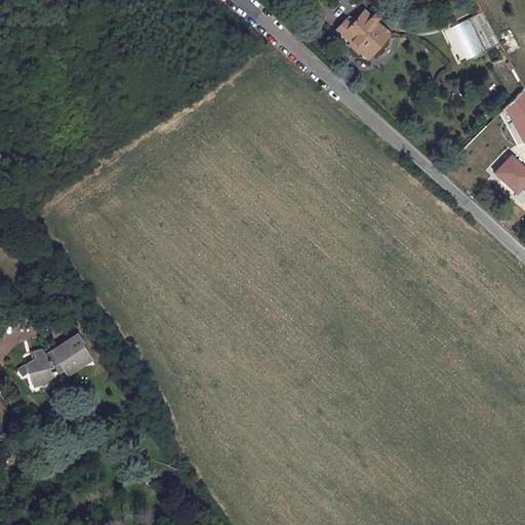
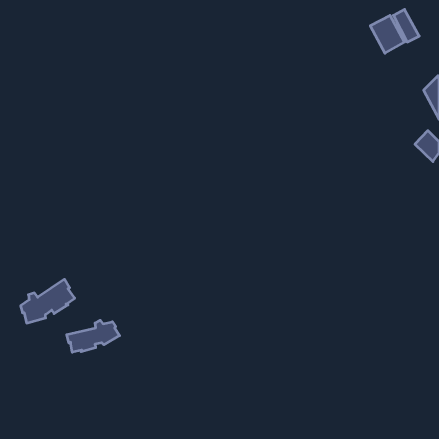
building: [336,10,389,56] -> none
building: none -> [67,320,120,352]

